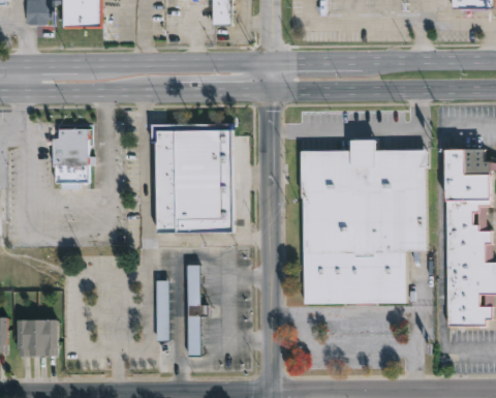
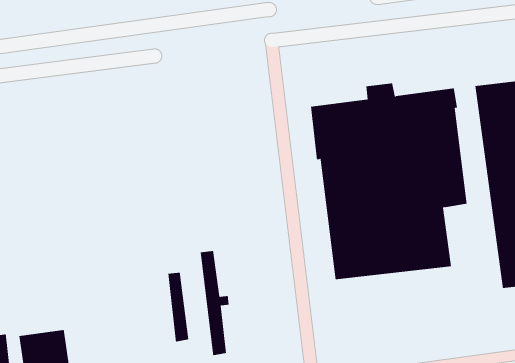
building: [152,122,234,233] -> none
building: [52,127,92,188] -> none

